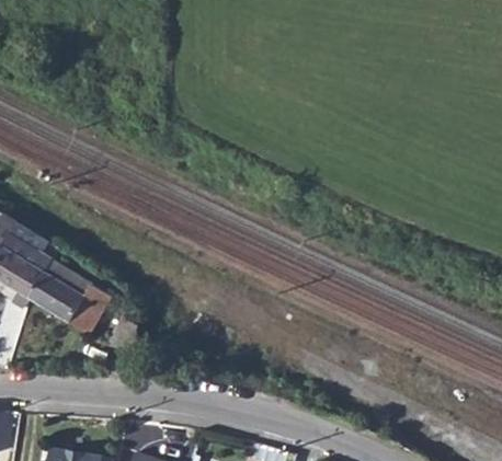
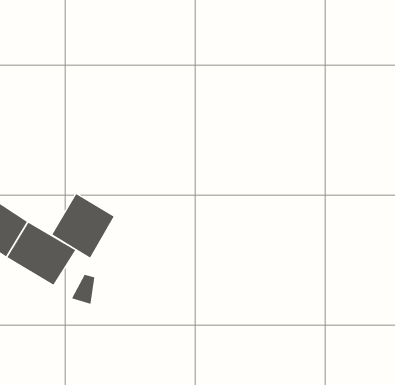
building: none -> [51,193,115,259]

